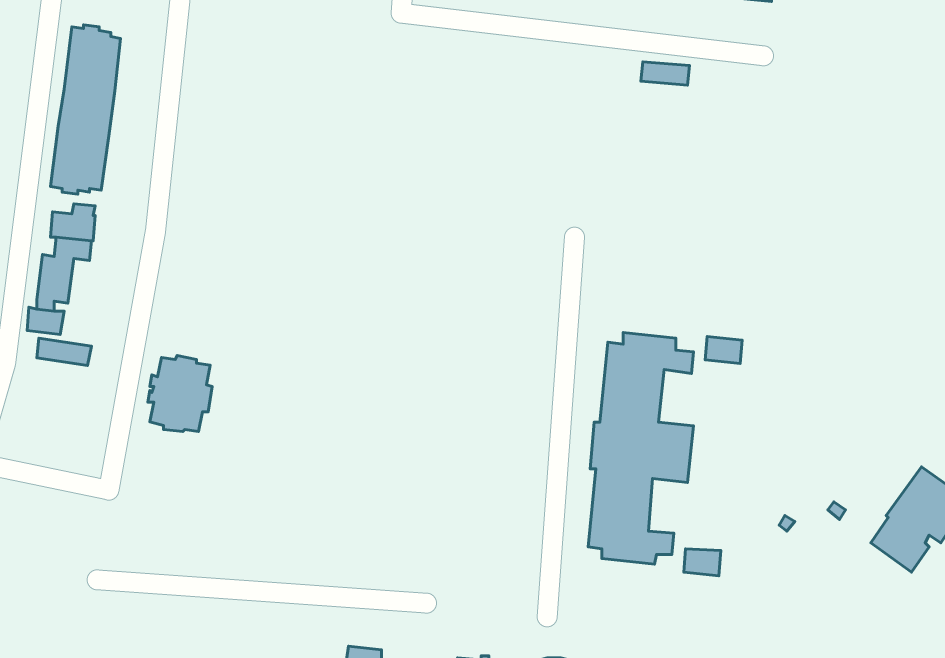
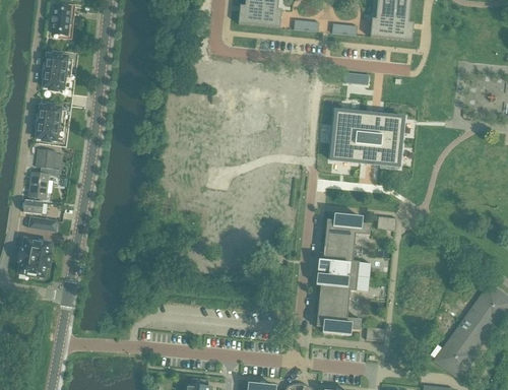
building: none -> [330,111,403,167]
building: [148,355,212,431] -> [17,238,51,277]
building: none -> [435,323,485,378]

